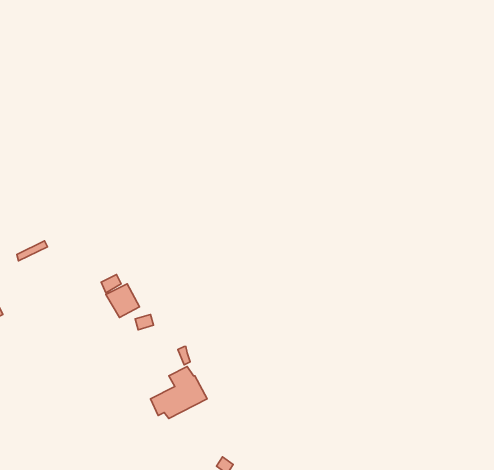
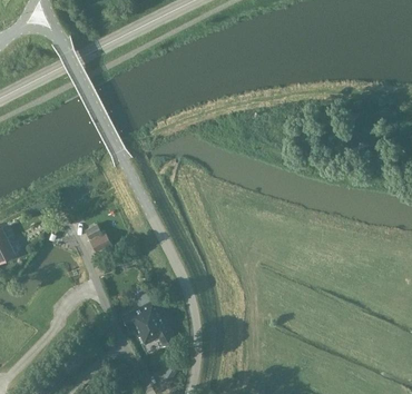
building: none -> [135,318,175,349]

